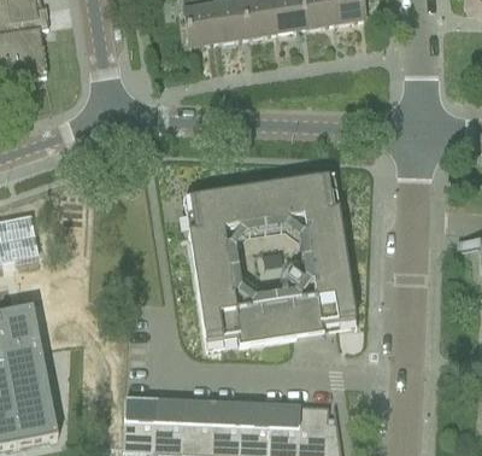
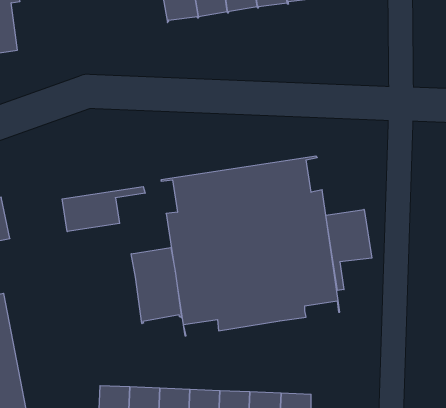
building: none -> [62,187,145,232]
building: none -> [326,209,372,290]
building: none -> [131,248,181,324]

